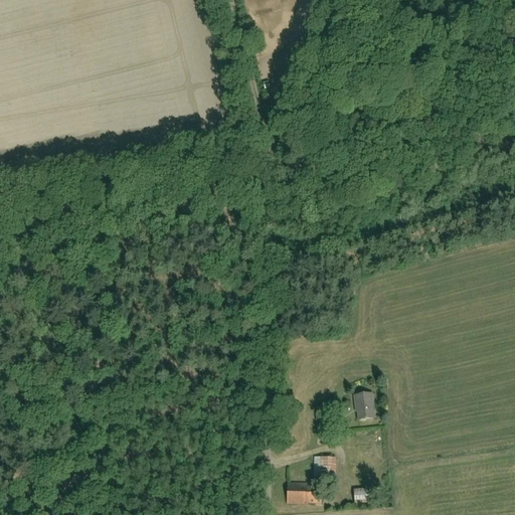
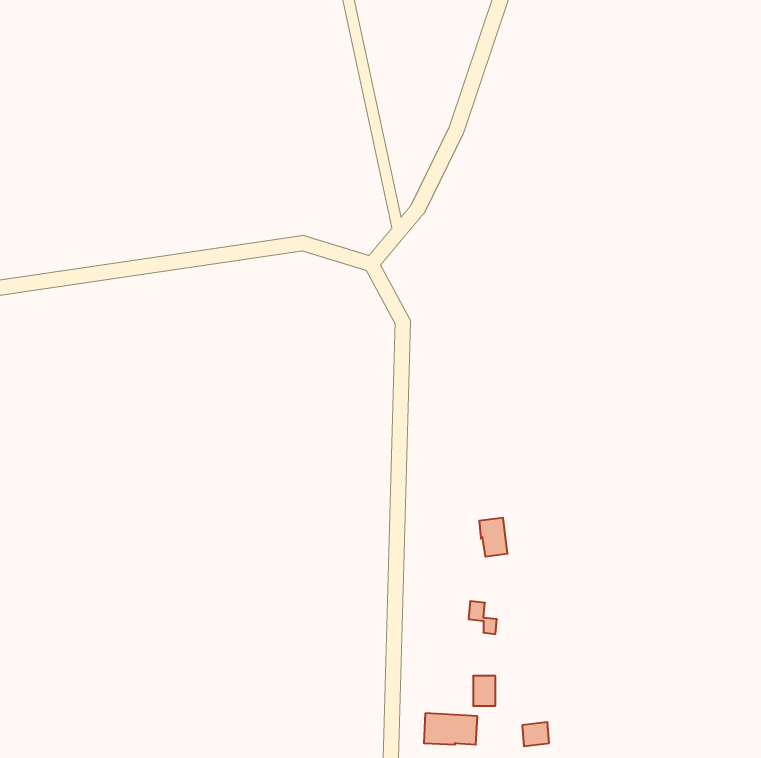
building: [353,392,372,418] -> [479,518,508,557]

